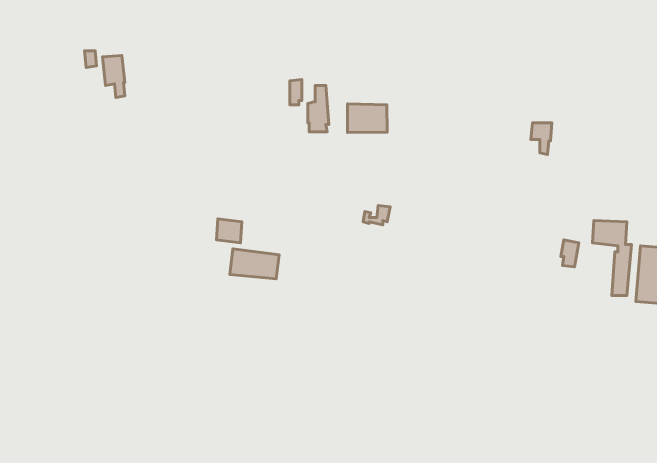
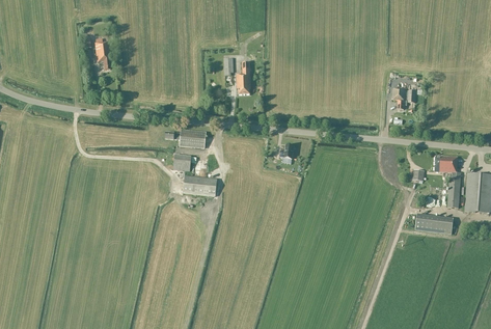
building: [348,104,387,133] -> none
building: none -> [165,129,206,148]
building: none -> [415,214,453,234]

